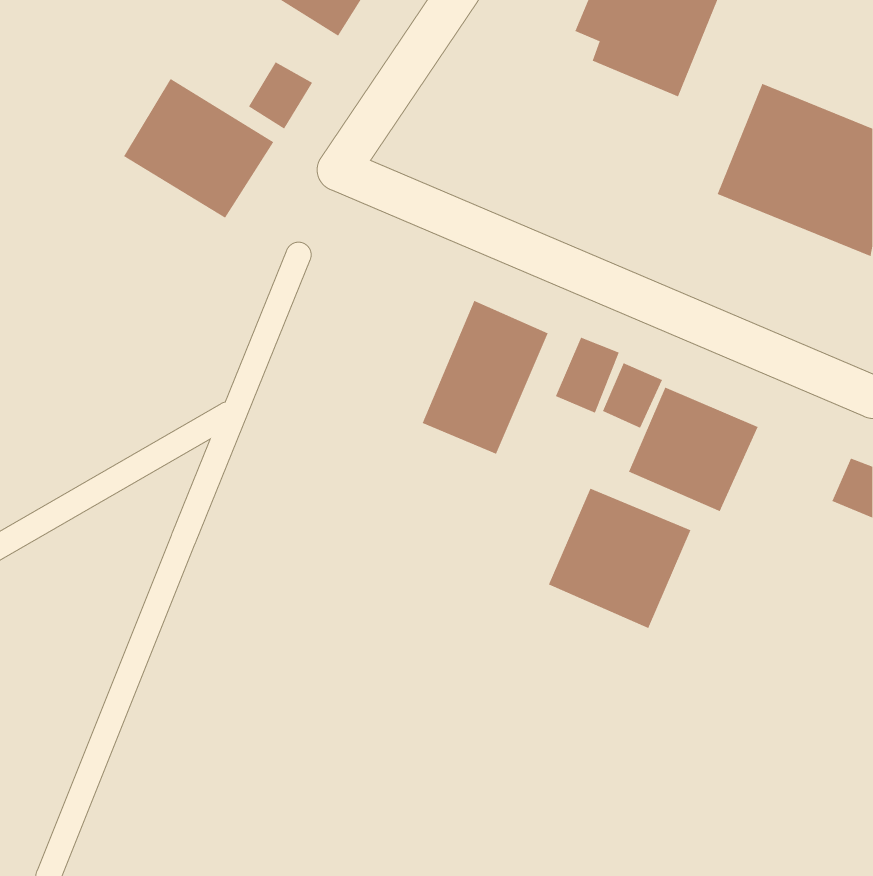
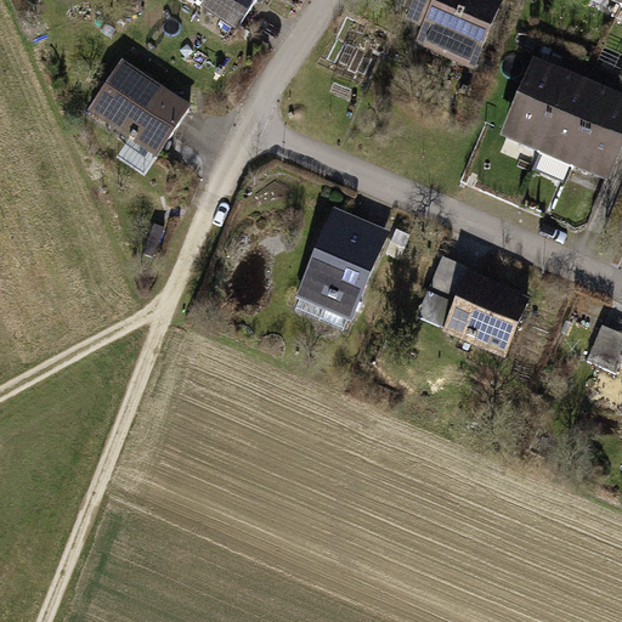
building: [248,61,313,129] -> none
building: [555,337,620,413] -> none
building: [548,488,691,629] -> none

